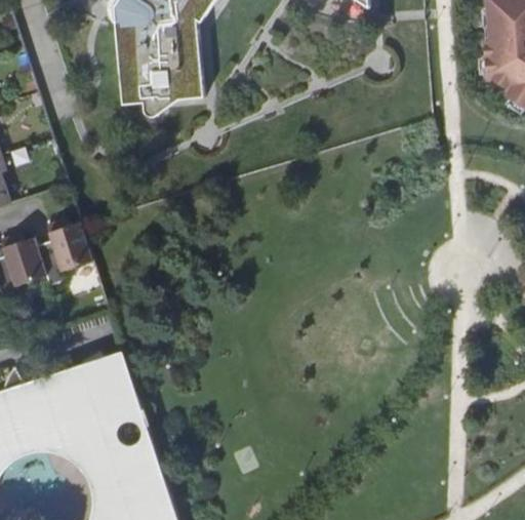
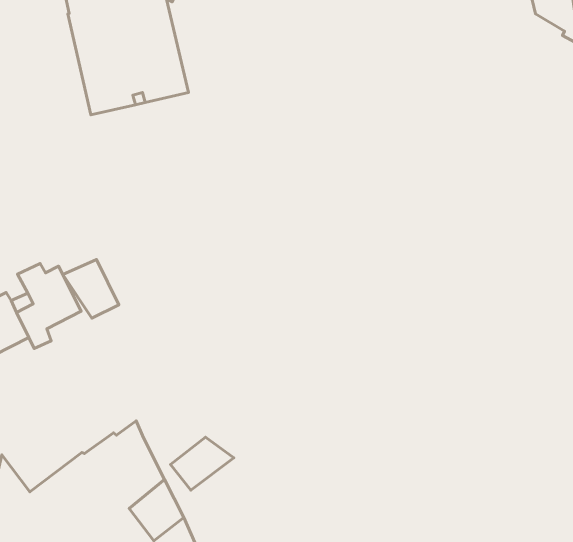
building: none -> [63,260,119,318]
building: none -> [171,437,234,490]

